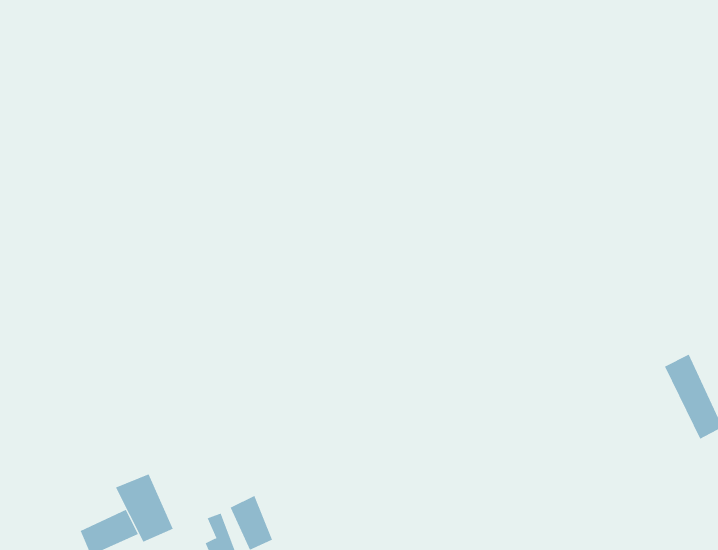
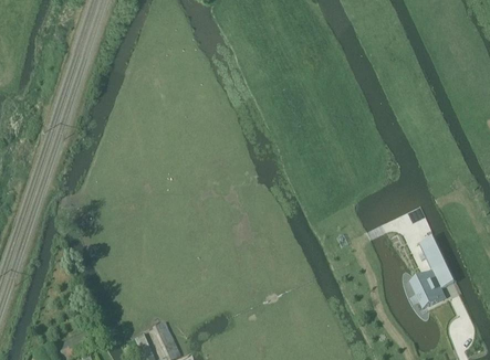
building: none -> [407,269,442,307]
building: [115,474,173,542] -> none

